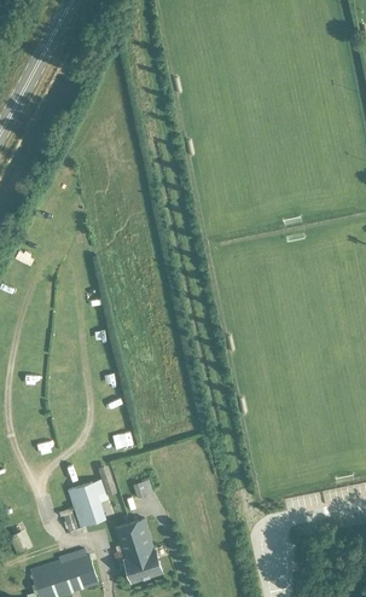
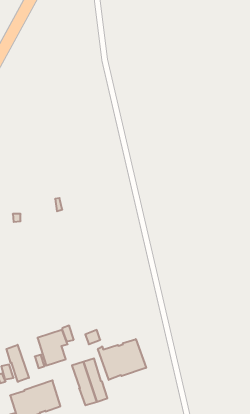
building: none -> [98,339,146,380]
building: none -> [6,345,29,382]

